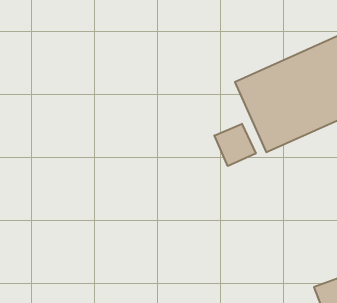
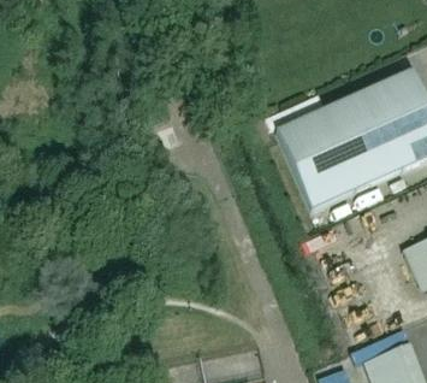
building: [214,124,256,166] -> none

